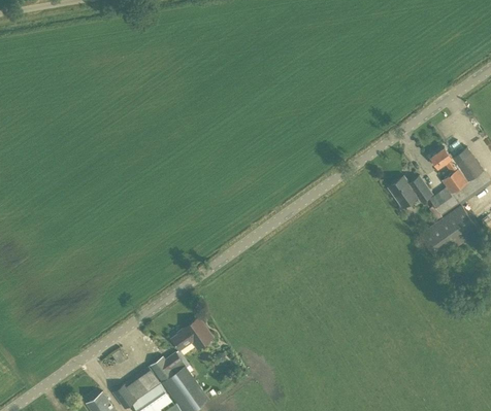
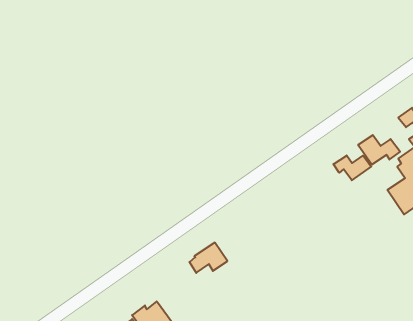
building: none -> [333,155,371,180]
building: [171,318,211,350] -> [189,243,227,273]

